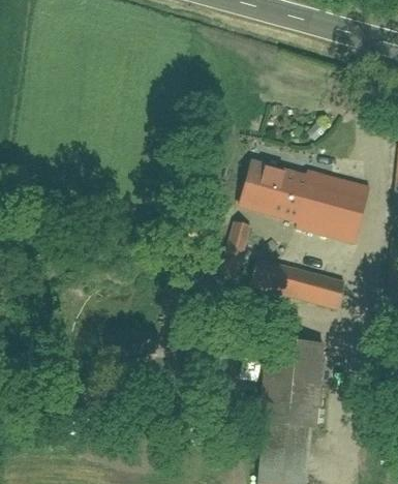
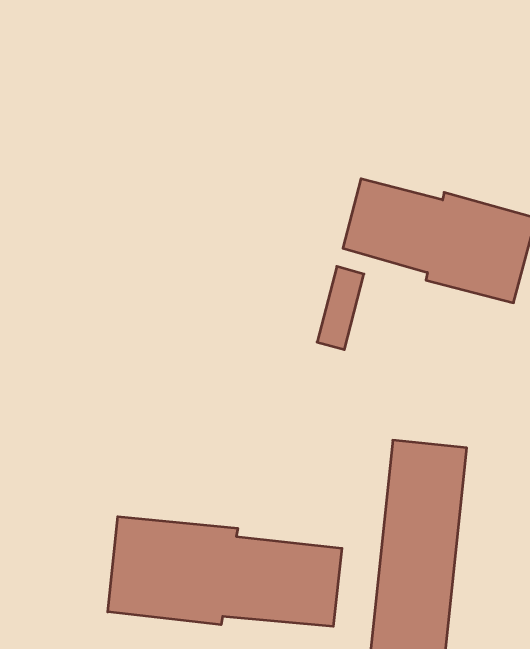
building: [248,258,343,309] -> none
building: none -> [108,517,342,626]

